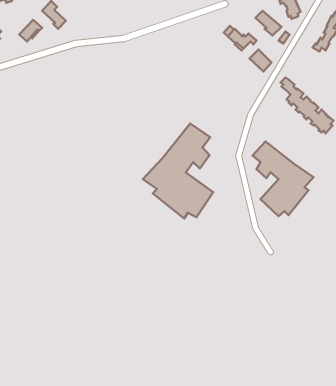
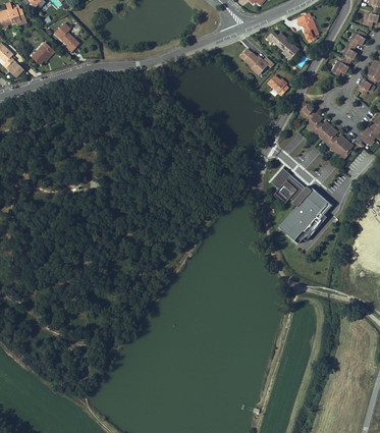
building: [143,124,213,219] -> none

